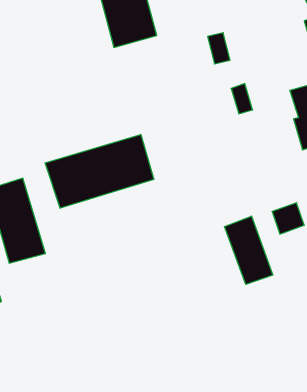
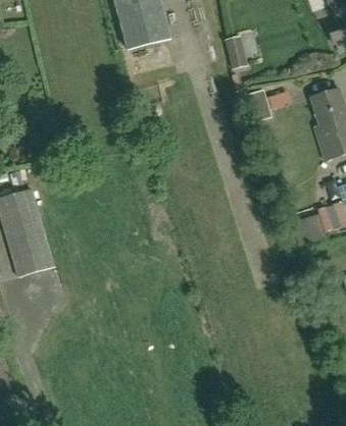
building: [45,134,154,208] -> none
building: [225,216,273,284] -> none

